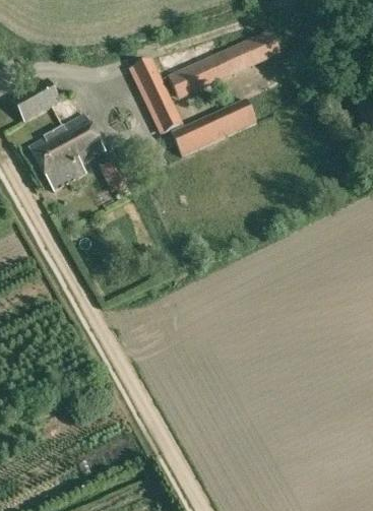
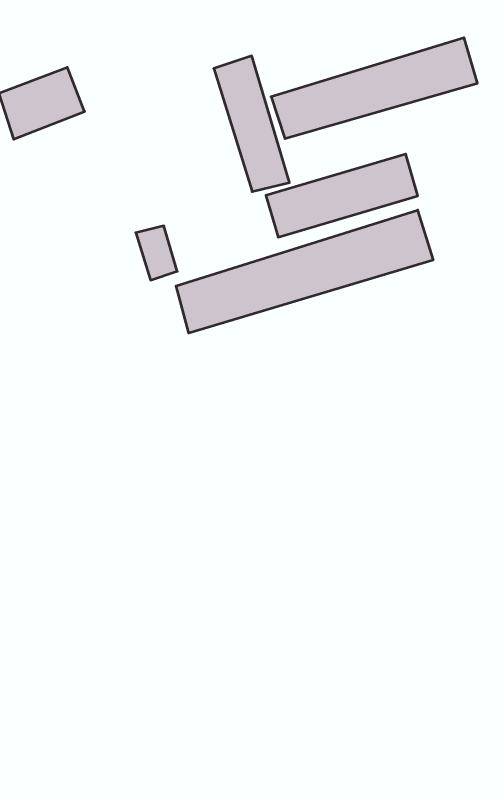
building: [29,114,105,189] -> none
building: none -> [176,210,433,333]

